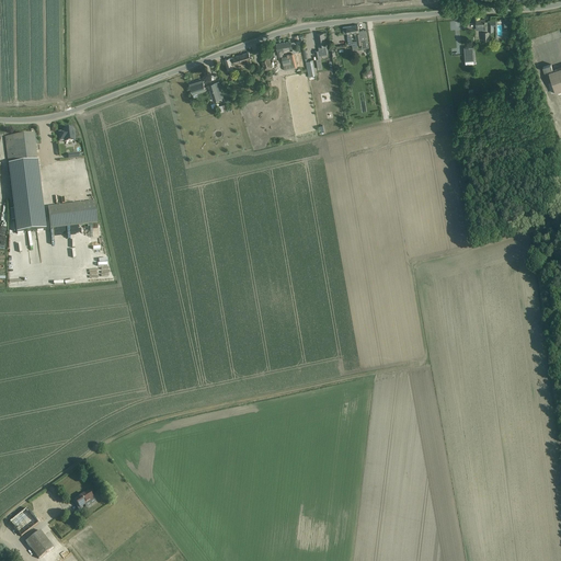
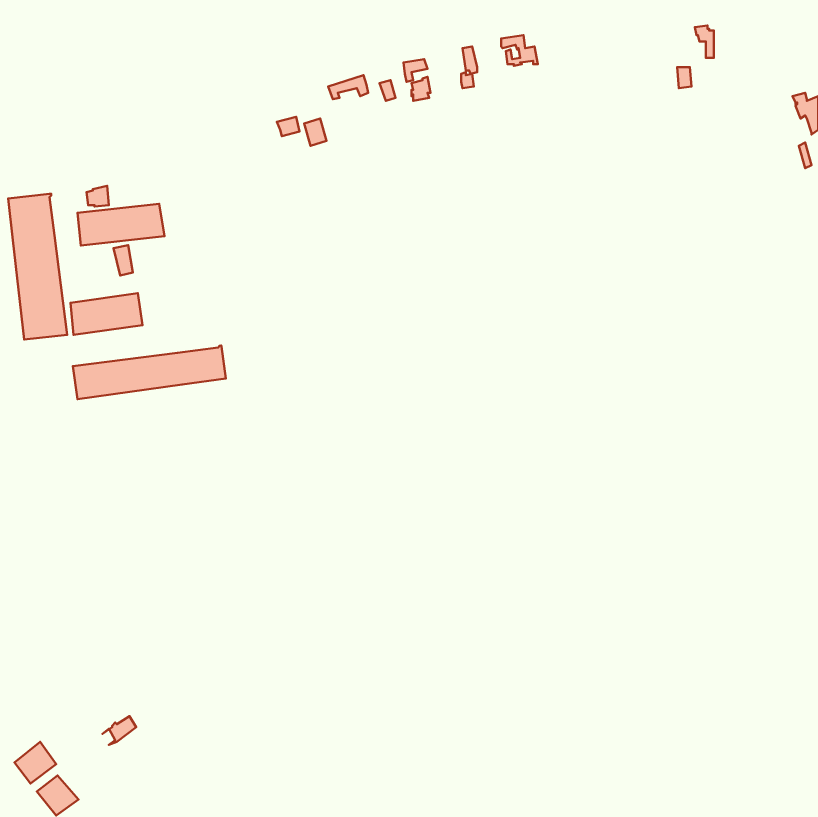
building: none -> [78,204,164,246]
building: none -> [73,345,226,399]

